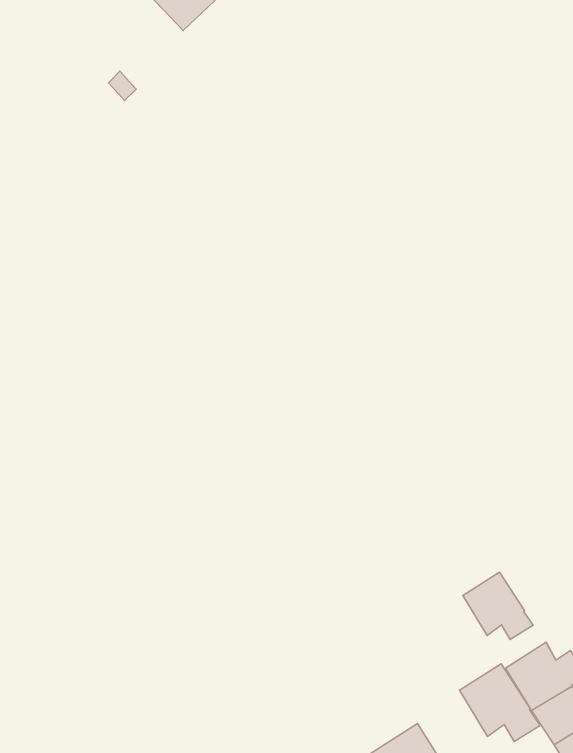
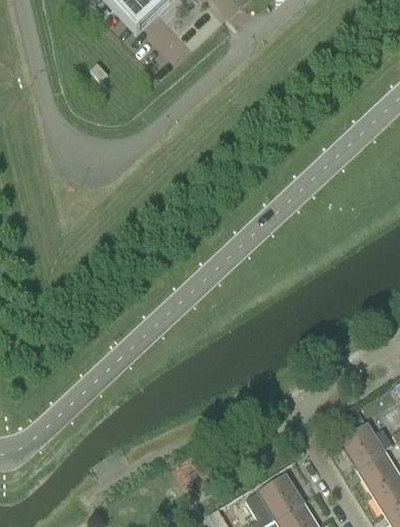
building: [463,572,533,640] -> none
building: [459,664,540,742] -> none

